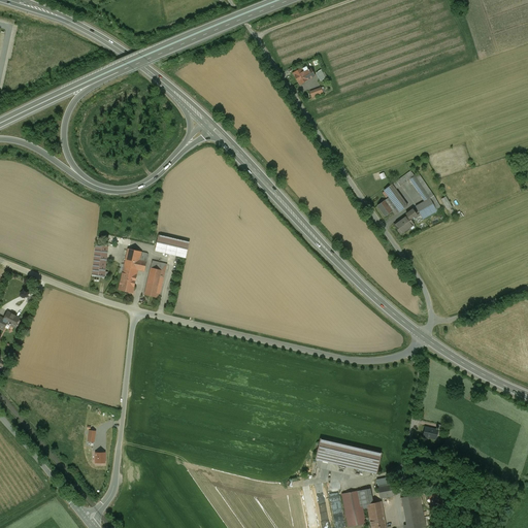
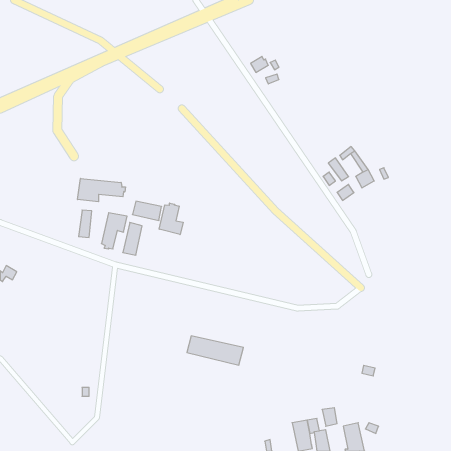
building: none -> [78,178,125,202]
building: none -> [159,203,183,235]
building: [316,439,382,473] -> [187,336,243,365]

